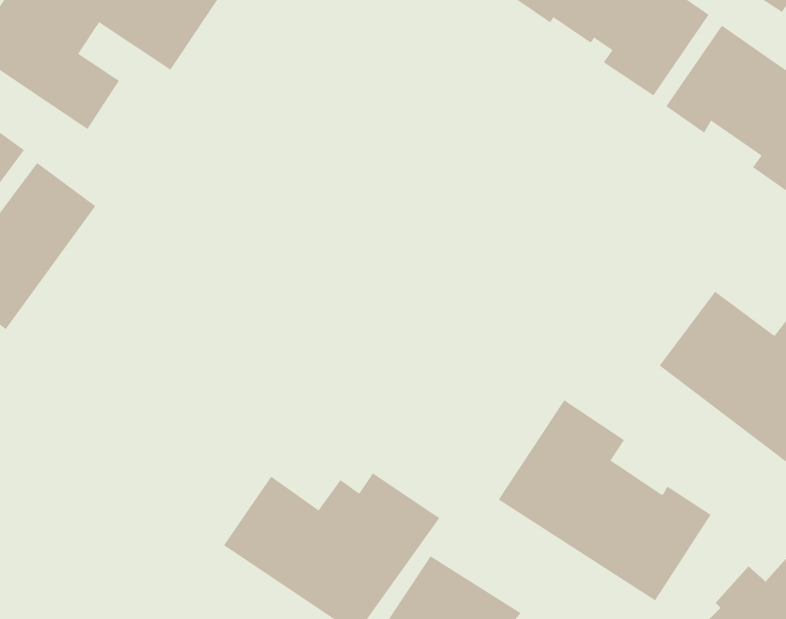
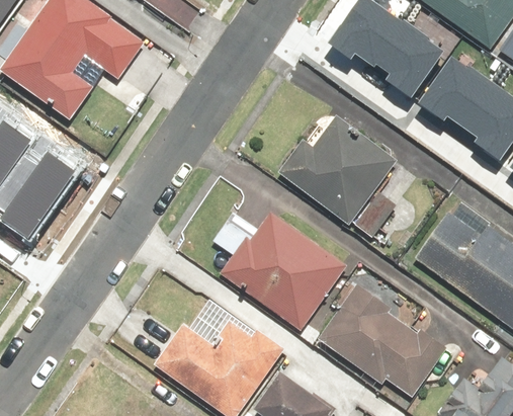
building: none -> [278,117,409,245]
building: none -> [213,212,347,334]

